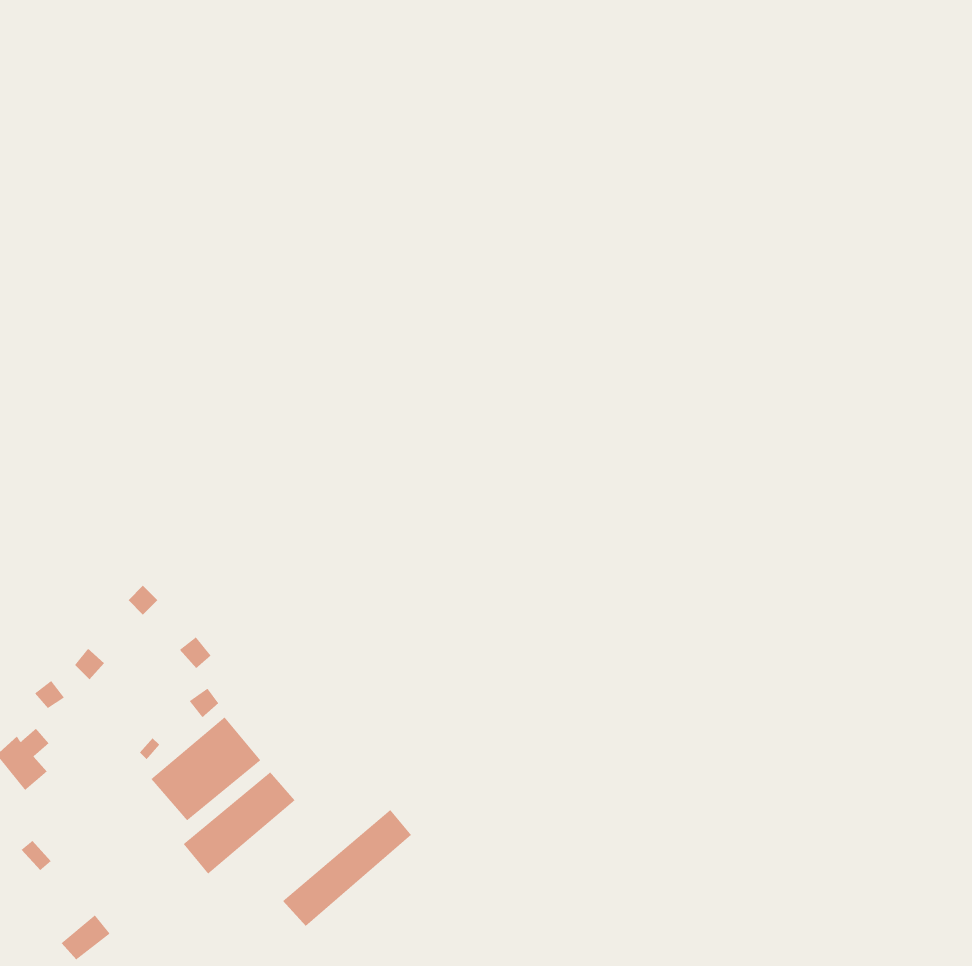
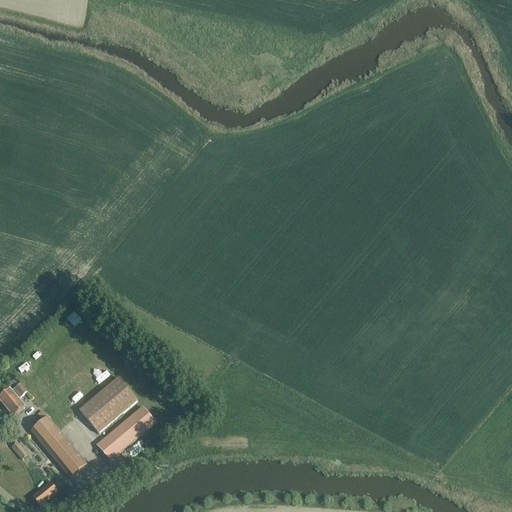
building: none -> [31,416,86,477]
building: [282,809,412,927] -> none

